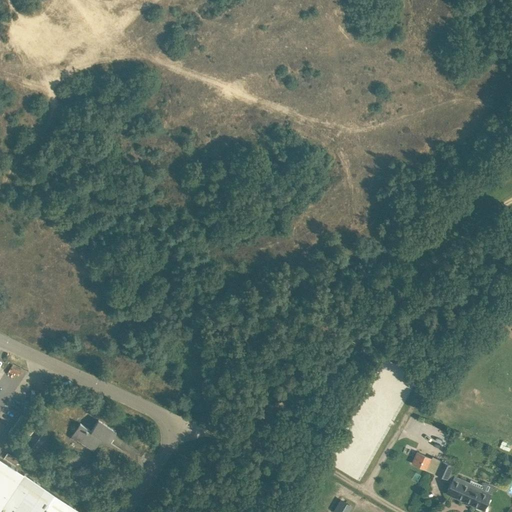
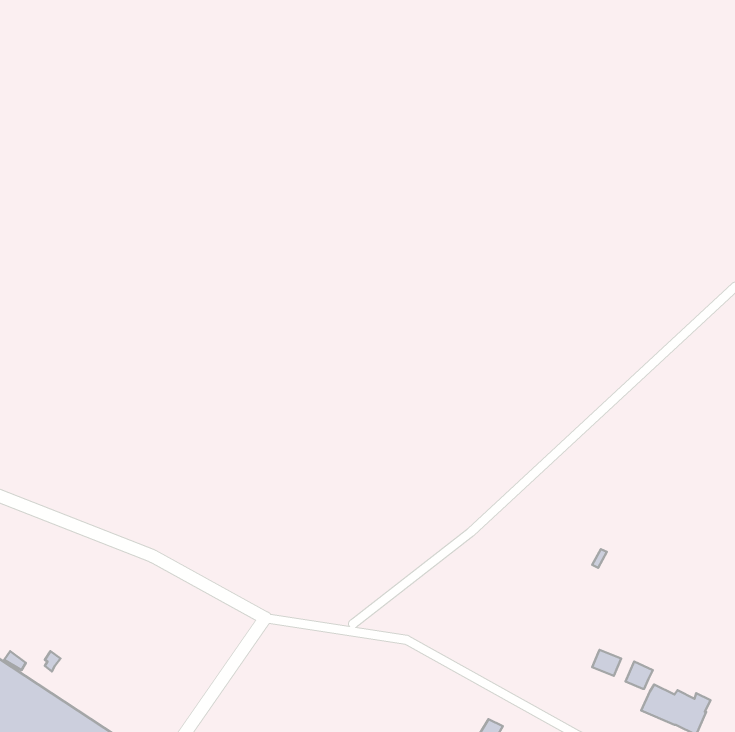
building: [70,422,115,453] -> none

